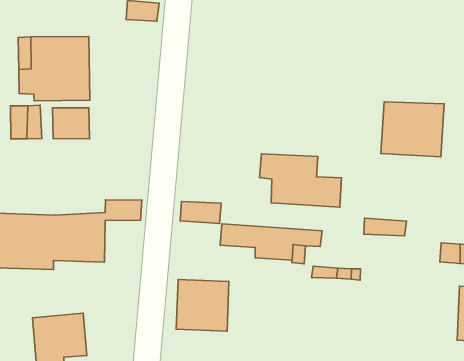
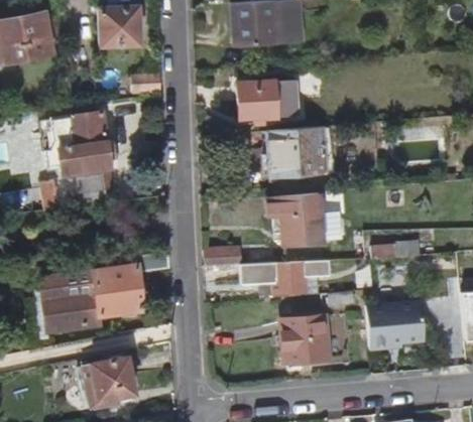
building: none -> [236,78,292,119]
building: [381,102,444,157] -> [268,126,325,177]
building: [176,279,229,331] -> [282,314,332,363]
building: none -> [364,299,428,349]

